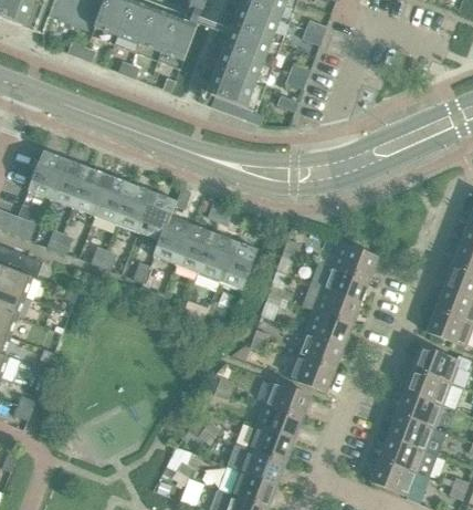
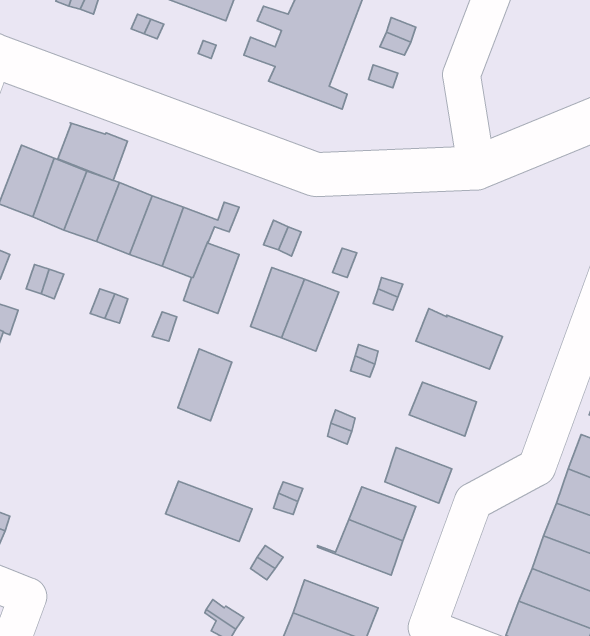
building: none -> [58,123,128,180]
building: [176,223,212,272] -> [178,349,232,421]
building: [330,241,376,279] -> none
building: [302,282,359,323] -> none
building: [296,332,343,368] -> none
building: [234,421,293,462] -> [165,481,252,542]

